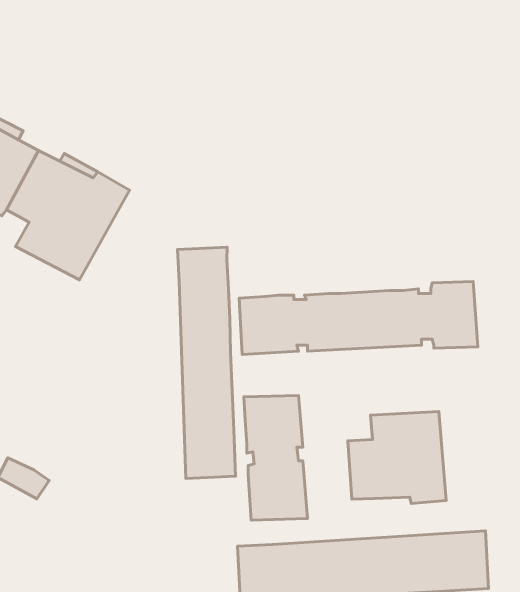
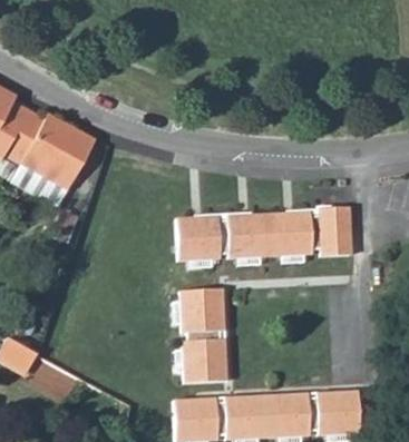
building: [177,247,235,478] -> none
building: [348,412,446,504] -> none

